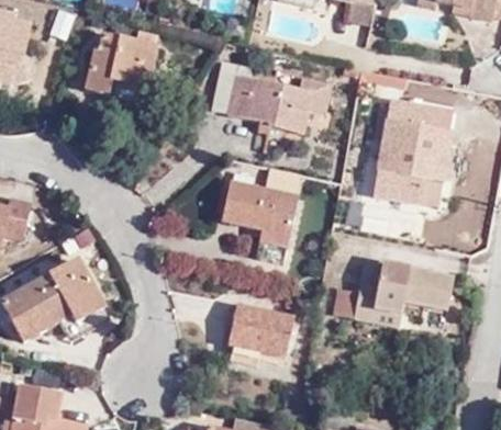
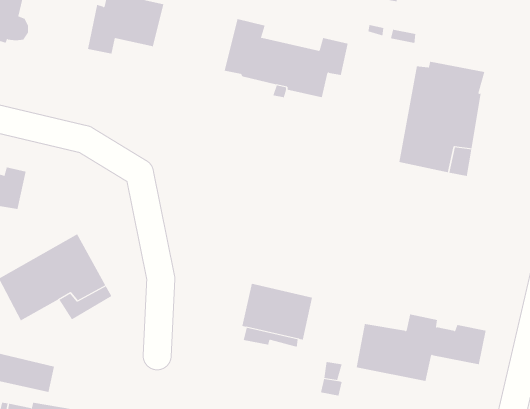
building: [222,181,297,263] -> none
building: [333,261,454,324] -> [356,314,487,382]

